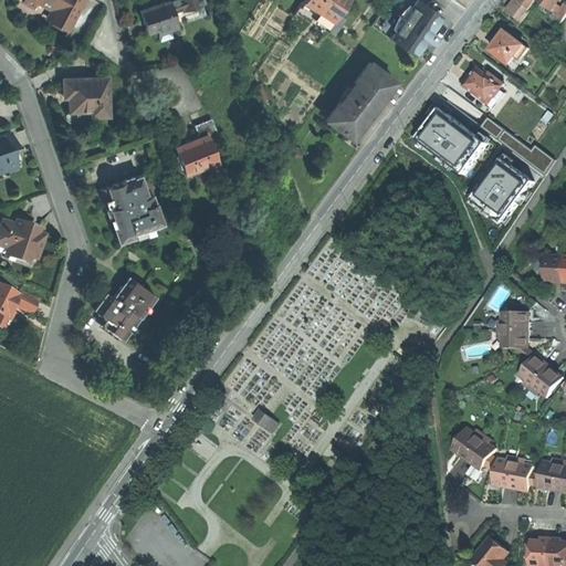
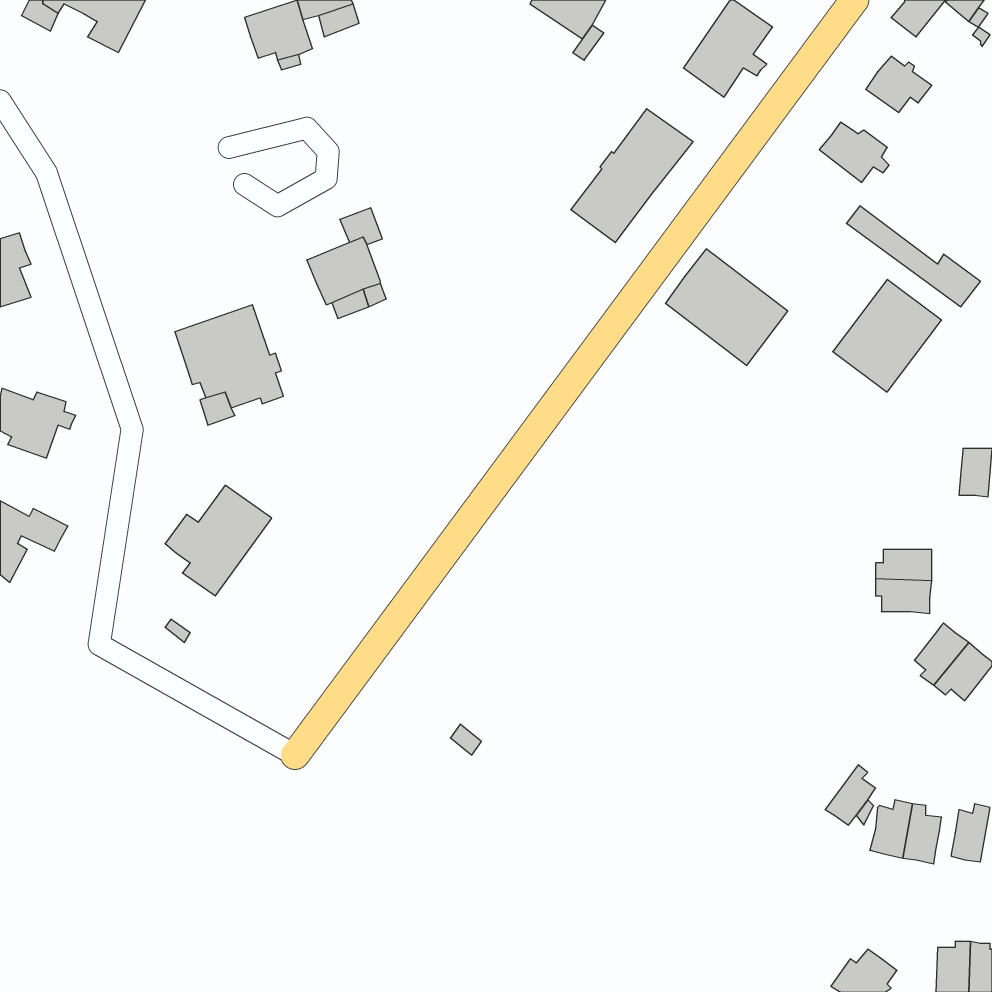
building: [63,77,107,115] -> none
building: [419,108,489,175] -> [665,249,788,365]
building: [454,428,489,461] -> none

